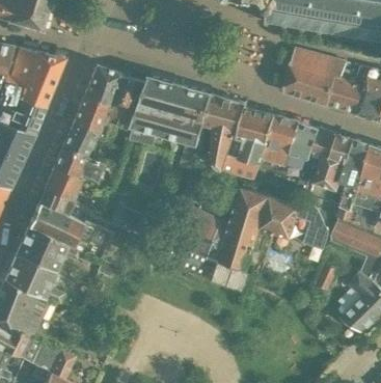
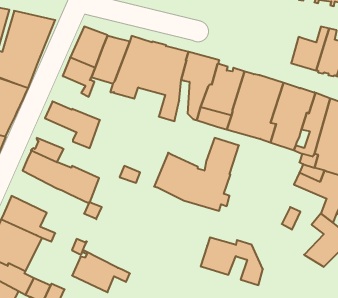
building: [283,48,346,105] -> none
building: [61,120,98,157] -> none
building: [44,166,88,199] -> none
building: [258,196,328,249] -> [201,237,263,285]
building: [16,224,80,271] -> [72,250,130,292]

